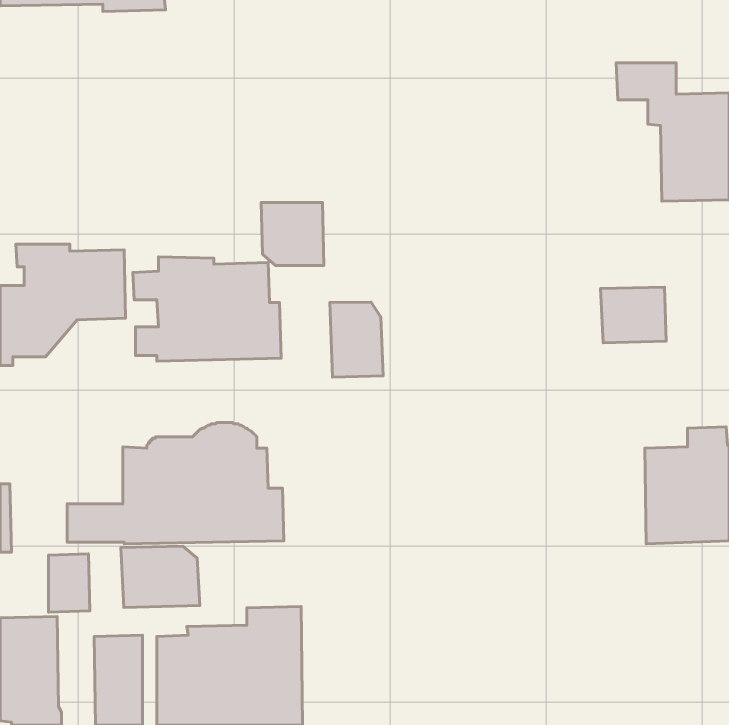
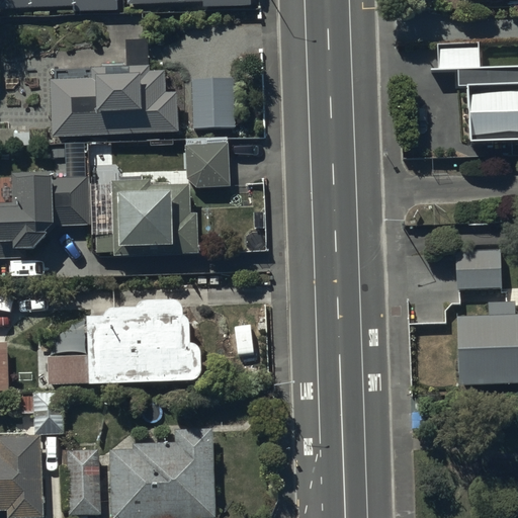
building: none -> [51,39,178,136]
building: none -> [191,78,236,127]
building: [600,287,666,343] -> [455,250,502,289]
building: [330,302,383,377] -> none
building: [121,546,200,607] -> none

